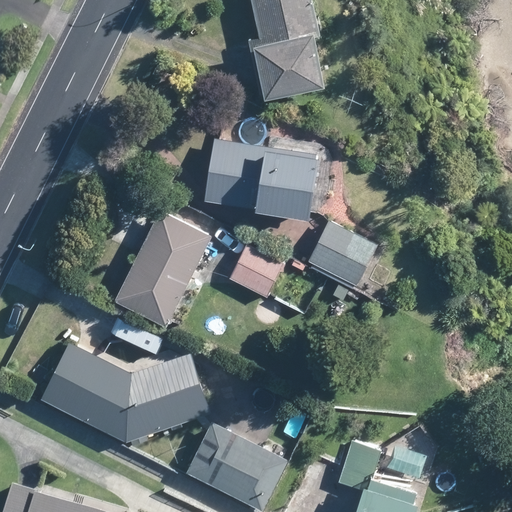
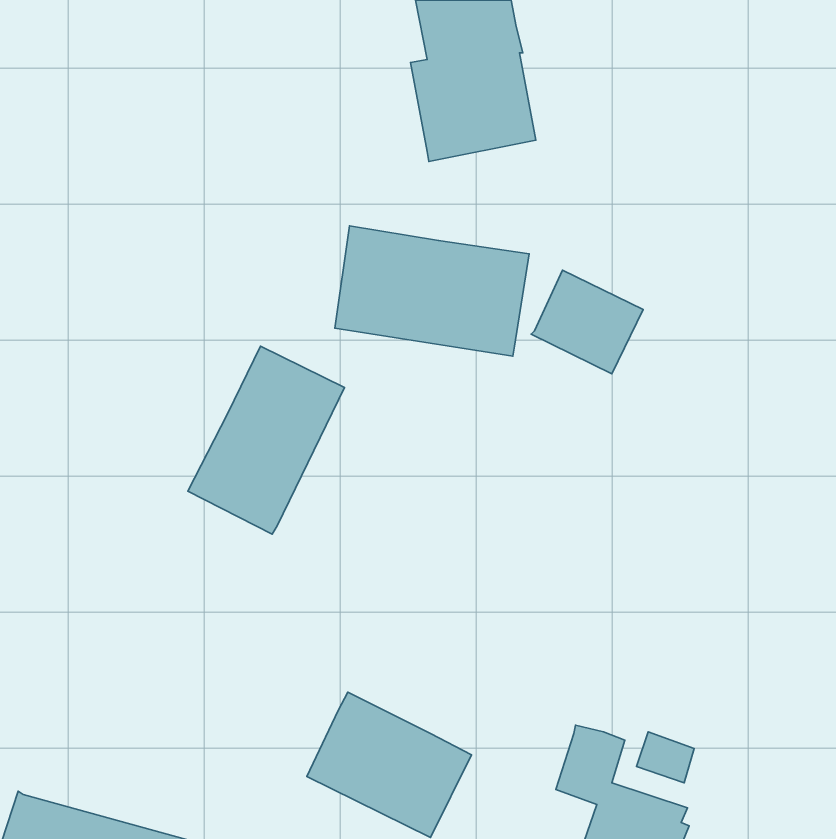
building: [308,221,376,284] -> [531,270,643,374]
building: [228,244,282,297] -> none
building: [41,343,210,446] -> none

